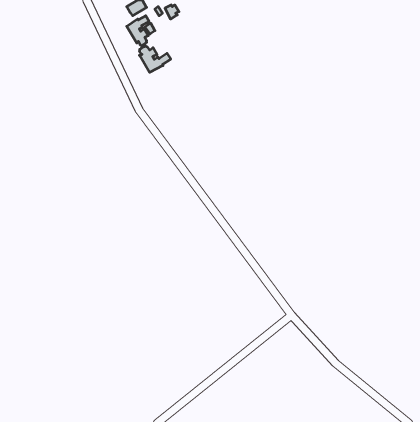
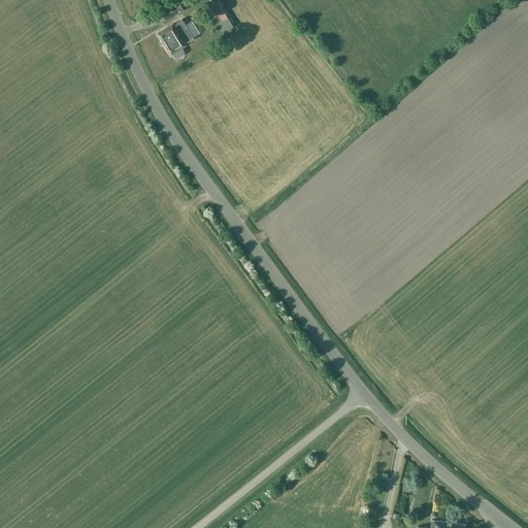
building: [139,46,171,72] -> none

